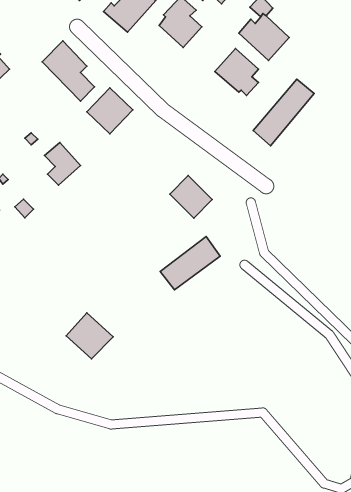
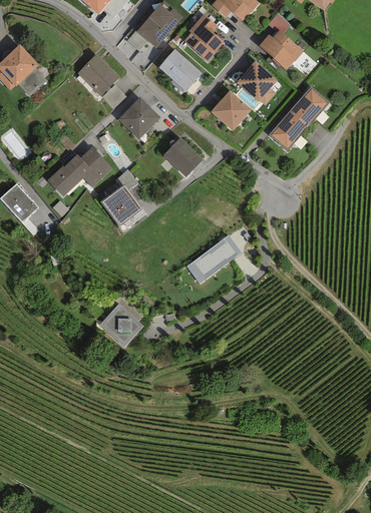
building: none -> [159,48,203,90]
building: none -> [211,89,252,129]
building: none -> [48,155,89,195]
building: none -> [101,168,141,226]
building: [170,175,212,218] -> [163,137,203,176]

